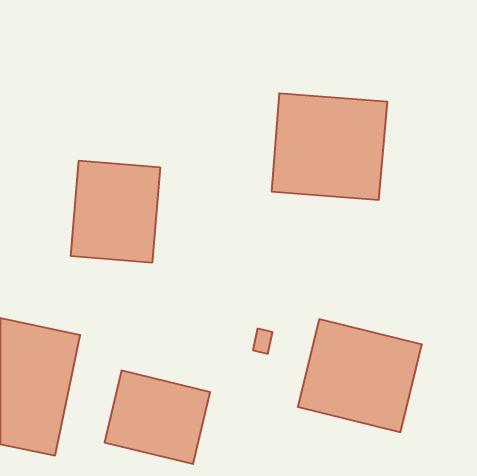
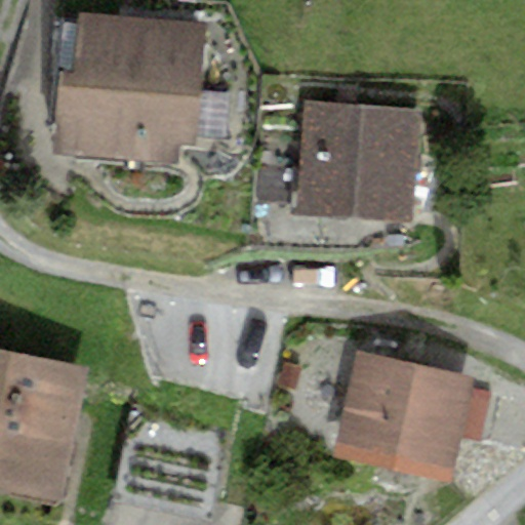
building: none -> [53,13,205,166]
building: [71,161,160,263] -> none

